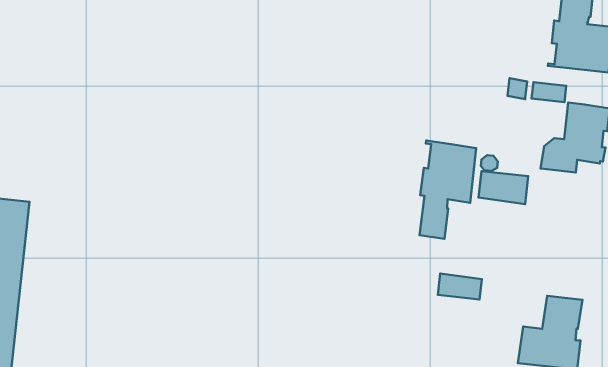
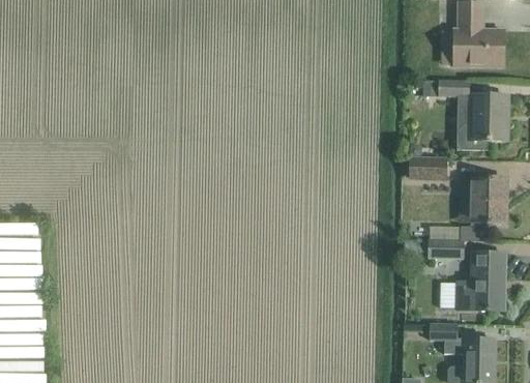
building: [419,141,476,239] -> none
building: none -> [471,177,504,224]
building: [438,273,482,299] -> [426,238,461,256]

